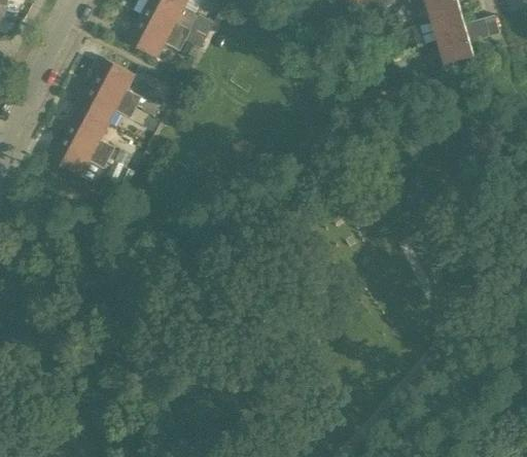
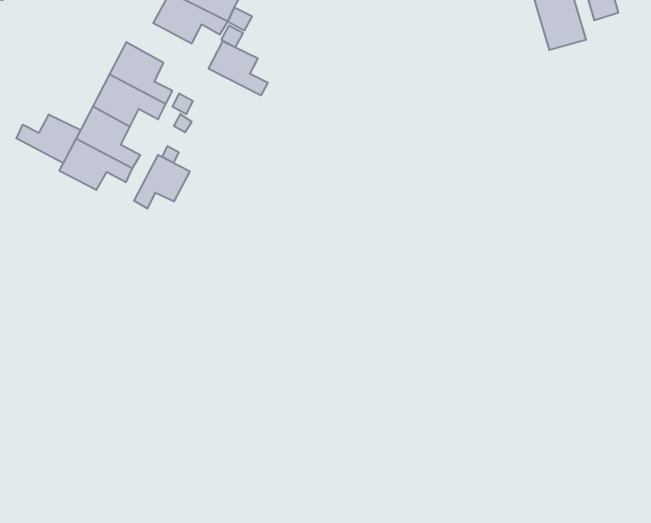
building: none -> [209,41,268,95]
building: none -> [16,114,81,163]
building: none -> [134,155,190,209]

